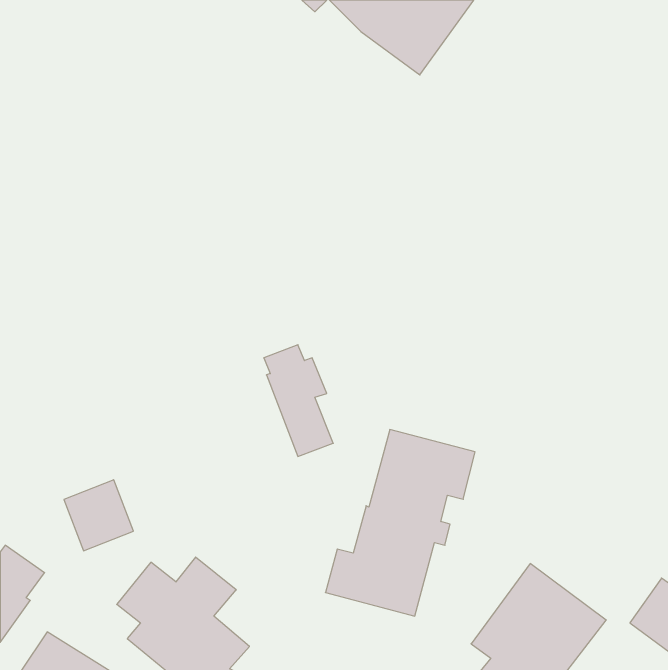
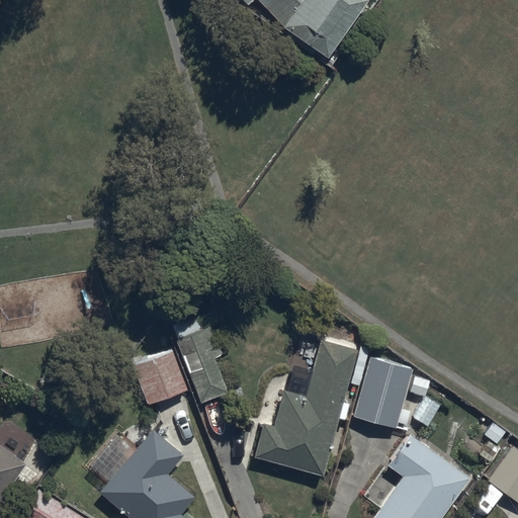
building: [264,345,333,456] -> [173,318,227,404]
building: none -> [354,356,429,427]
building: [64,480,133,551] -> [133,350,186,405]

